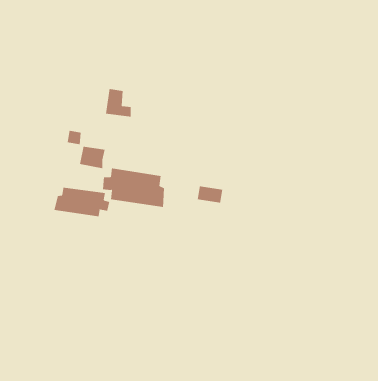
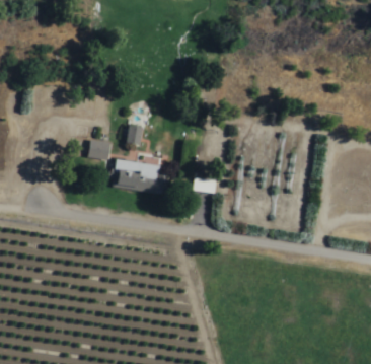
building: [105,89,132,117] -> [126,125,149,150]
building: [54,187,110,217] -> none

